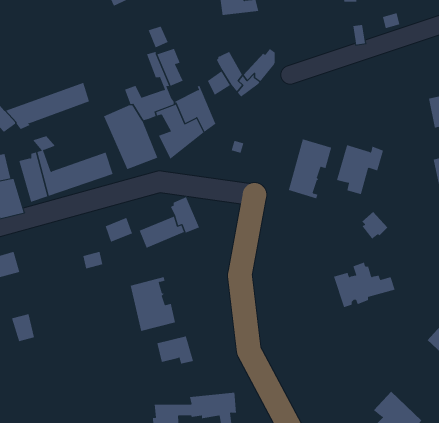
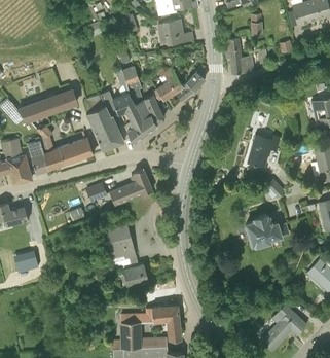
building: none -> [225,39,253,74]
building: [288,138,332,199] -> none

